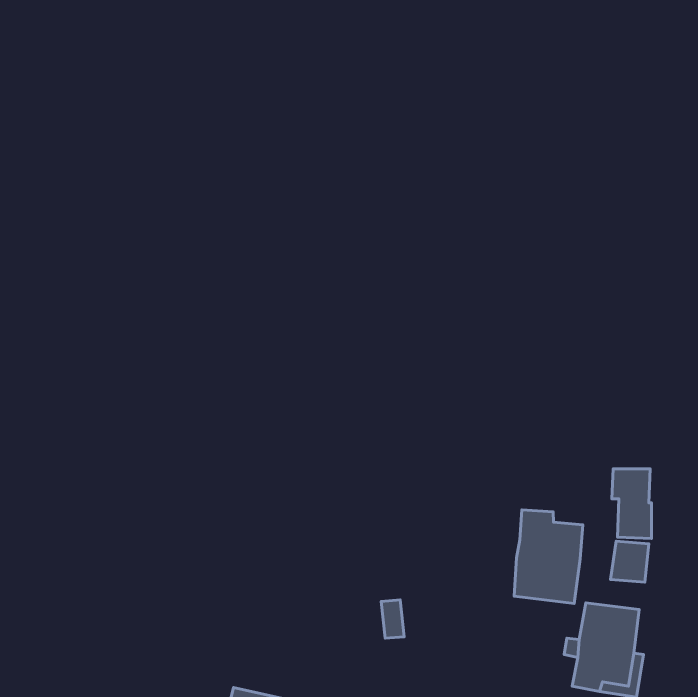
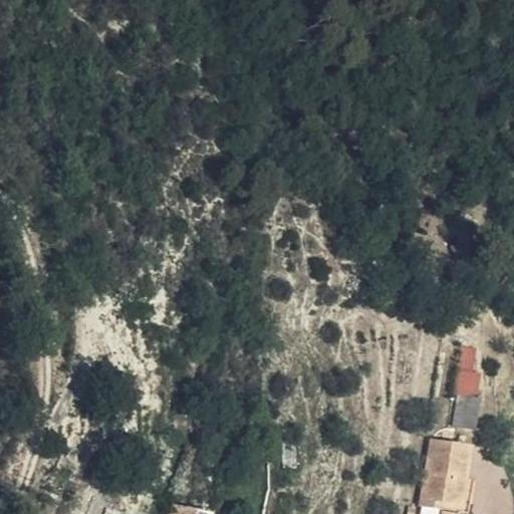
building: [514,510,583,604] -> none

